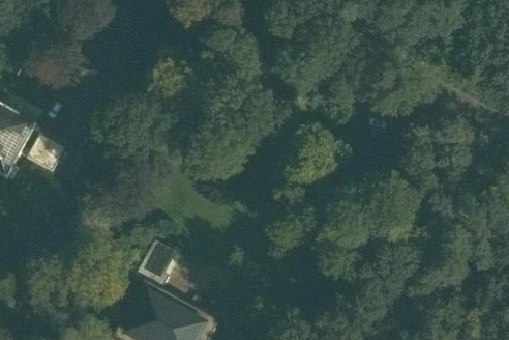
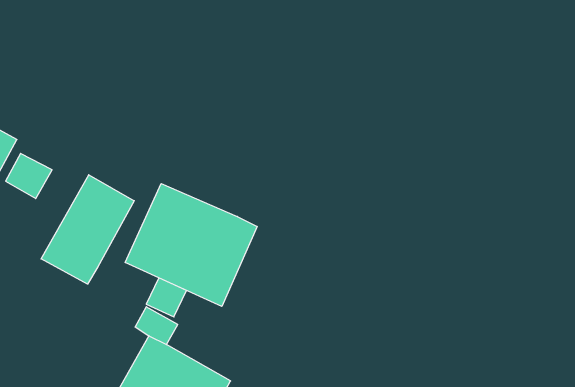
building: none -> [41,175,134,284]
building: none -> [125,184,257,306]

